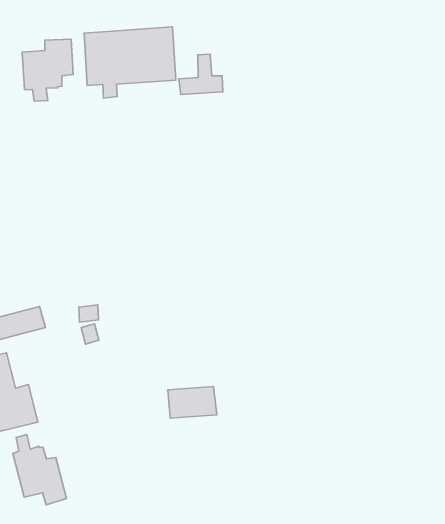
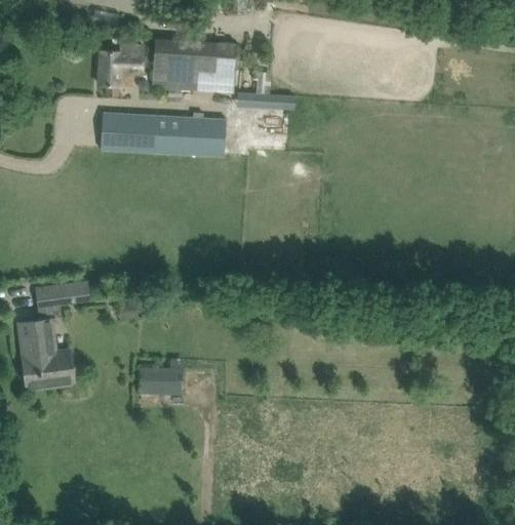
building: none -> [100,112,225,156]
building: [168,387,217,418] -> [140,366,182,394]
building: [13,434,67,505] -> none

